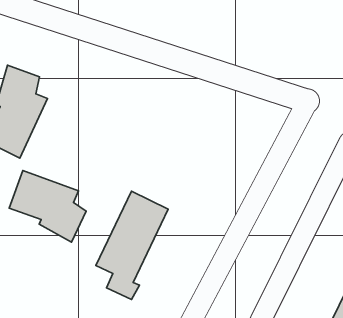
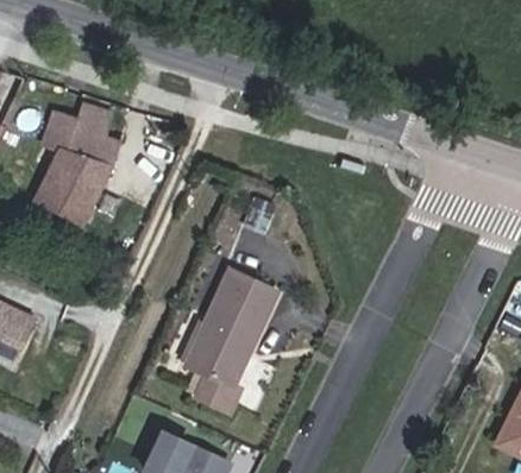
building: [9,170,86,242] -> none

